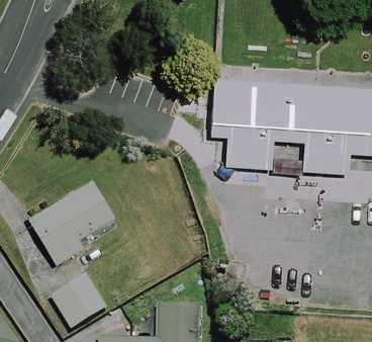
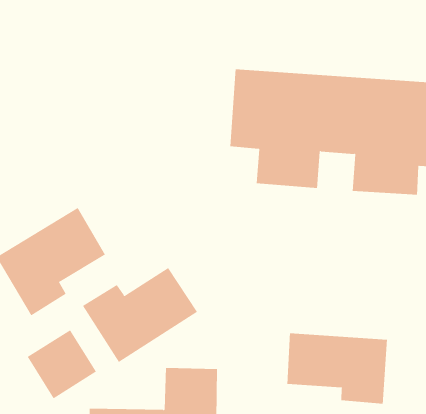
building: none -> [82,267,198,363]
building: none -> [287,333,388,405]

